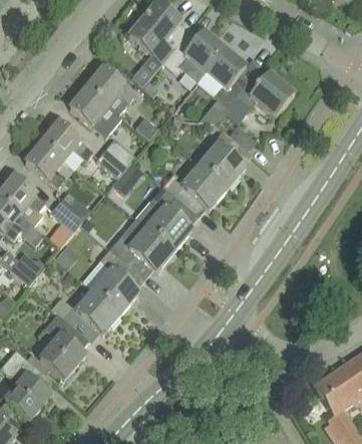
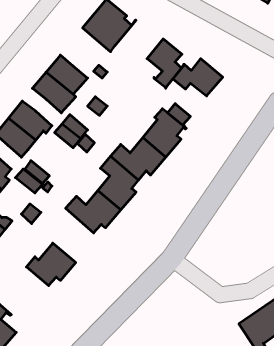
building: [161,25,224,81] -> none
building: [93,247,141,311] -> none
building: [39,311,88,378] -> none

